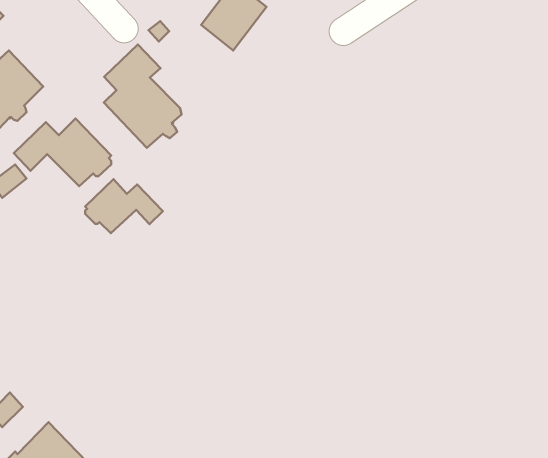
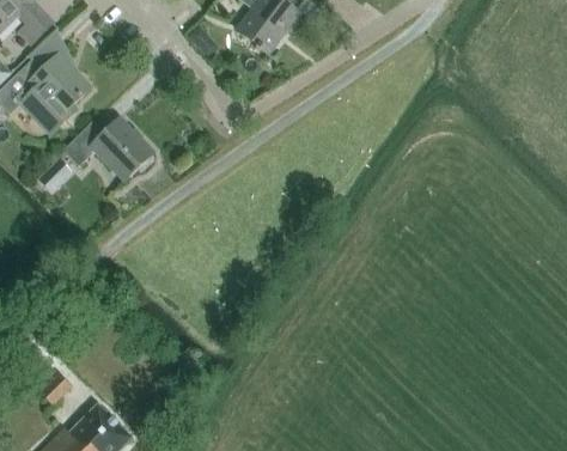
building: [104,45,181,148] -> none
building: [85,179,163,233] -> none

